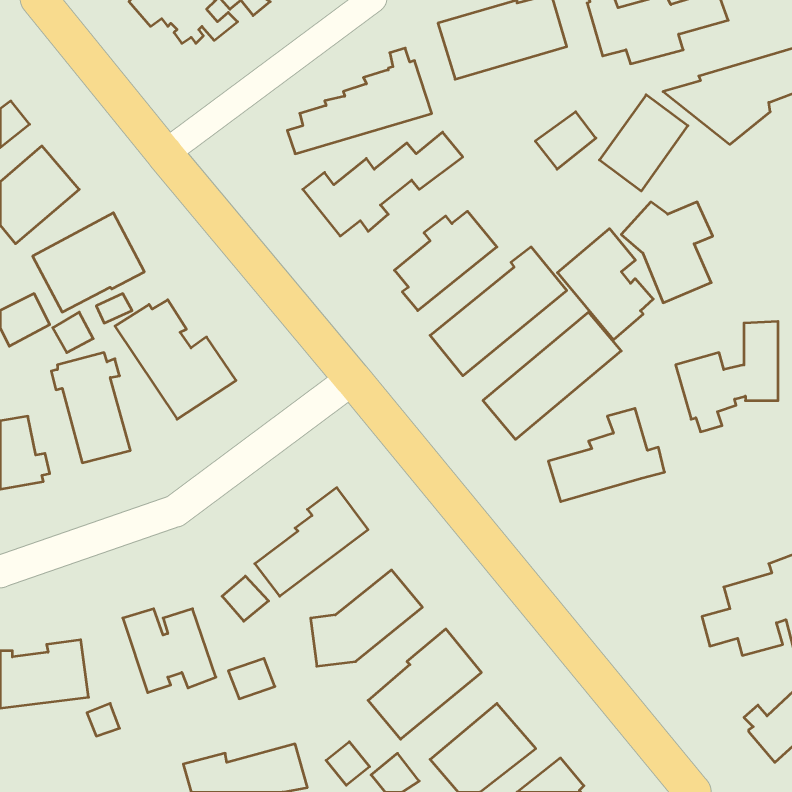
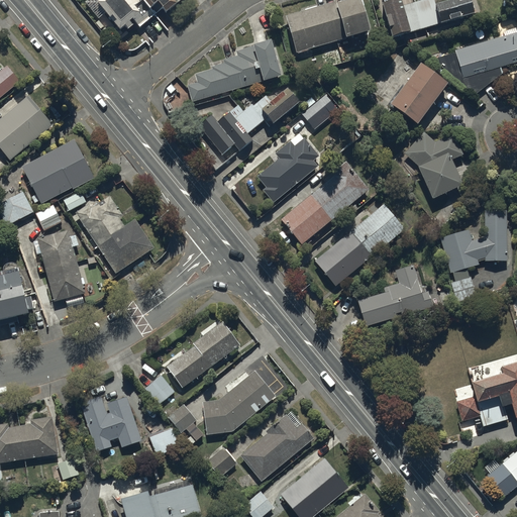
building: [535,112,596,169] -> [301,92,340,129]
building: [557,229,653,340] -> none
building: none -> [169,404,197,432]
building: [326,742,370,785] -> [208,447,236,476]

